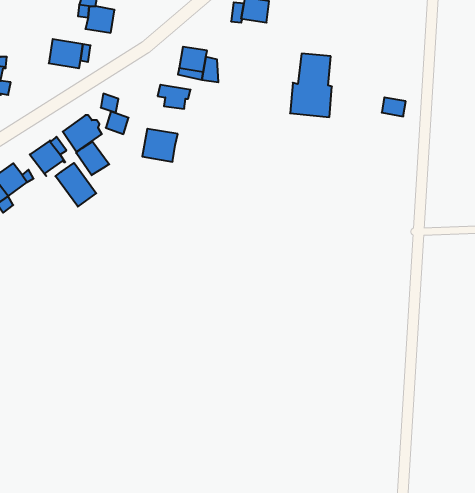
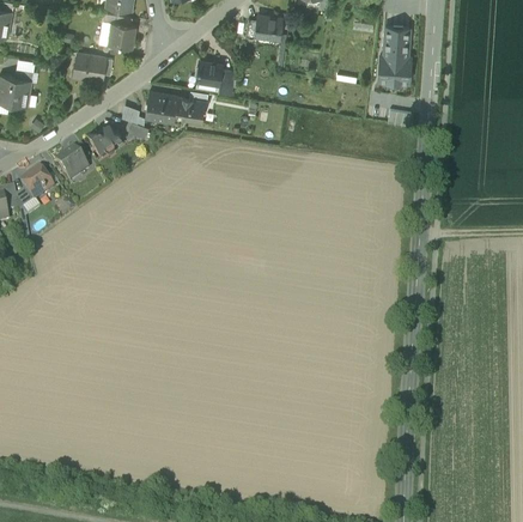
building: [290,54,332,117] -> [372,23,412,83]
building: [142,129,178,162] -> [145,91,178,122]
building: [76,141,109,175] -> none
building: [55,163,96,207] -> none

